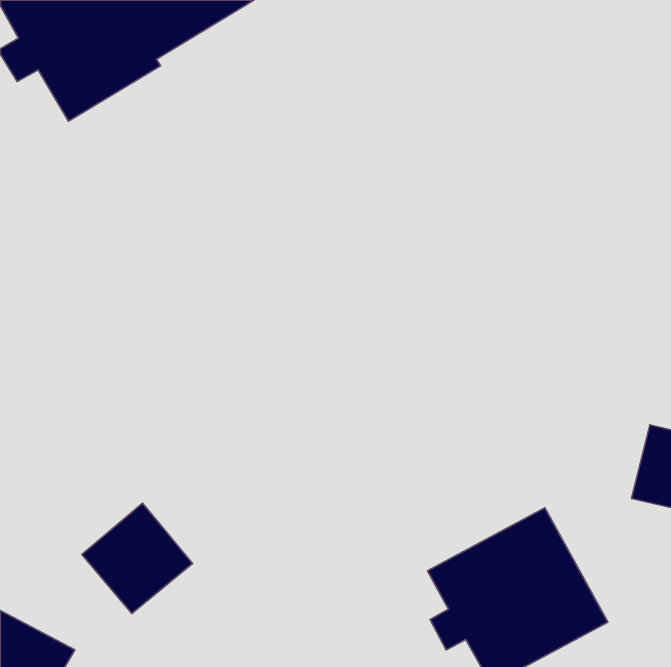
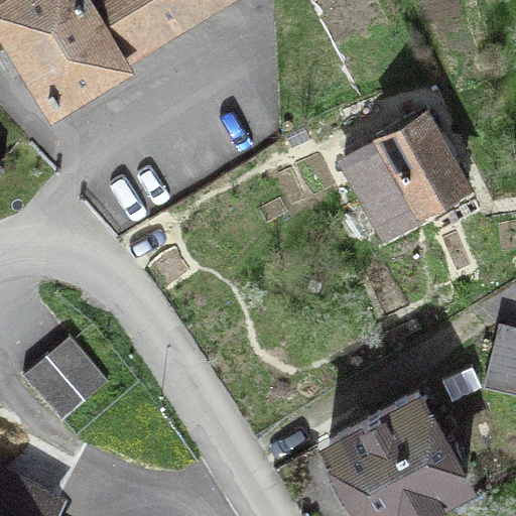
building: none -> [344,115,469,235]
building: [82,503,192,614] -> [23,337,108,421]

